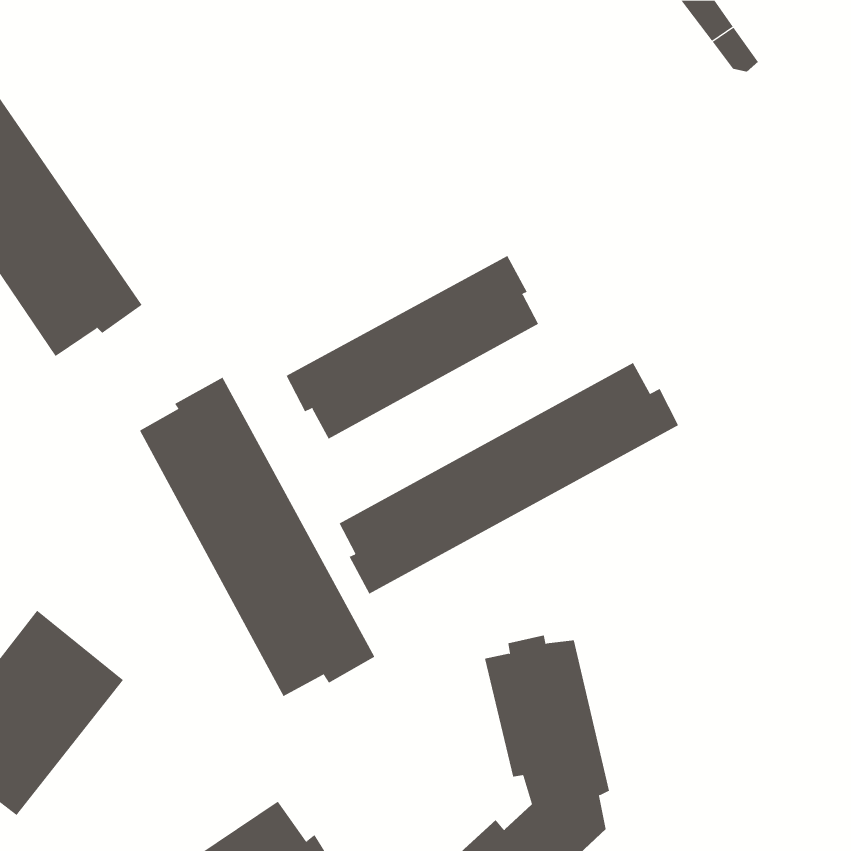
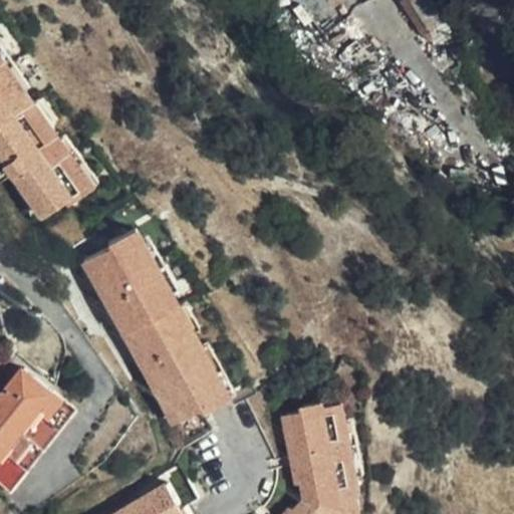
building: [286,255,539,439] -> none
building: [339,362,679,594] -> none

